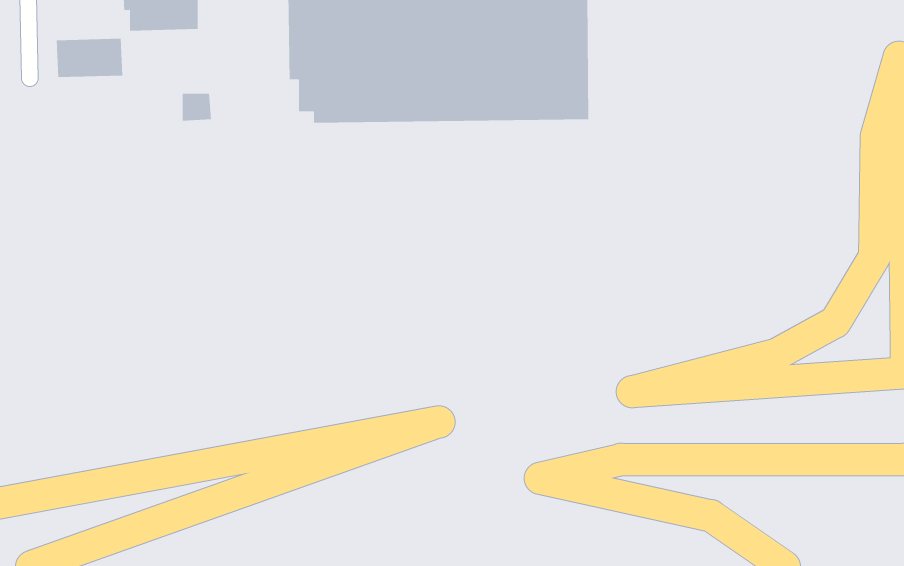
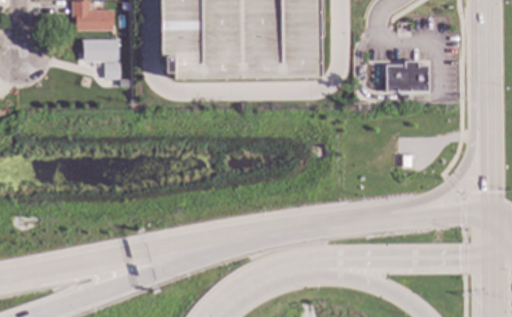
building: [56,38,123,78] -> [82,38,118,59]
building: none -> [385,59,429,92]

